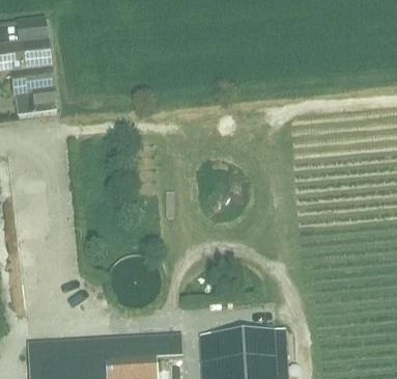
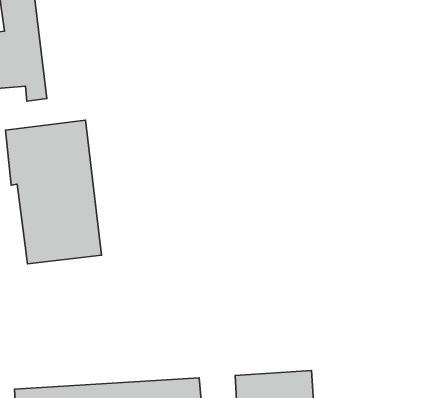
building: none -> [5,120,102,264]

